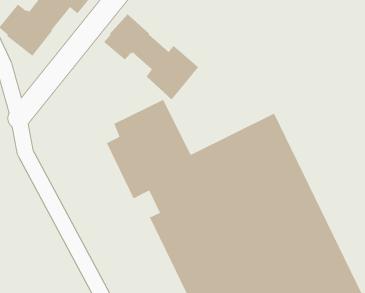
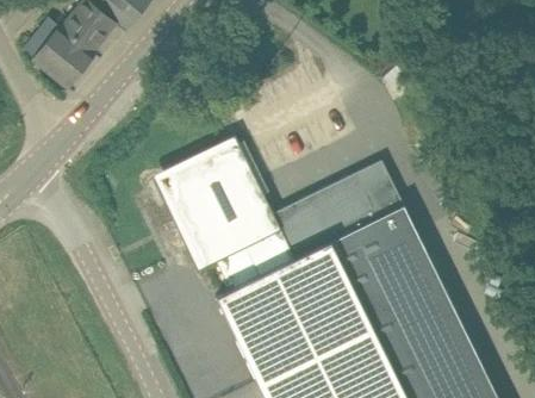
building: [103,14,199,100] -> none

